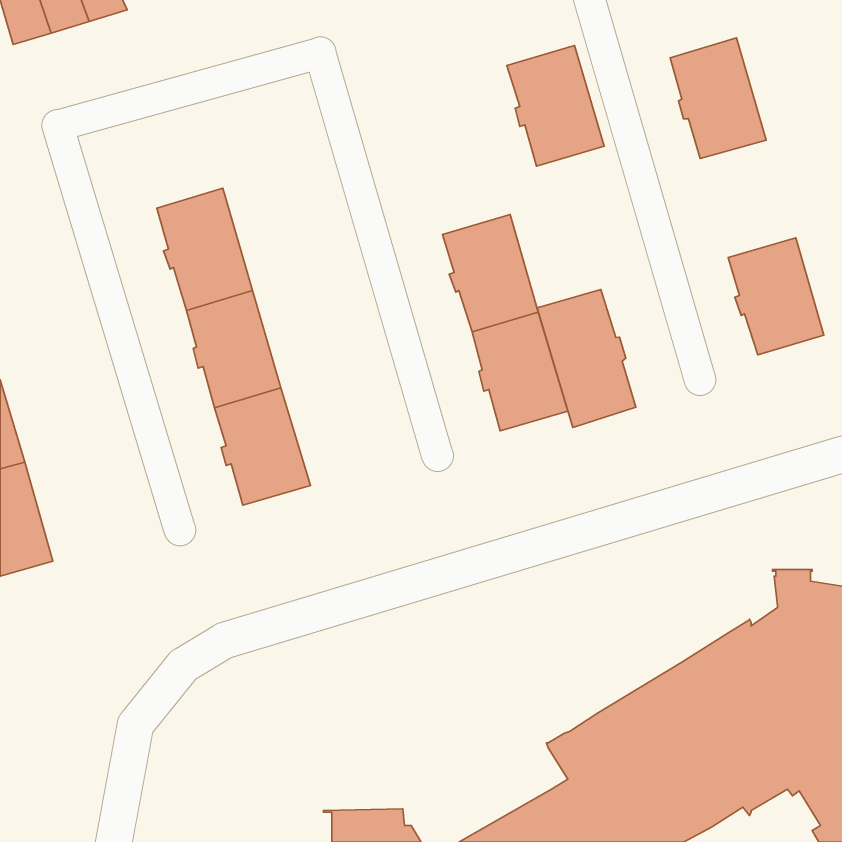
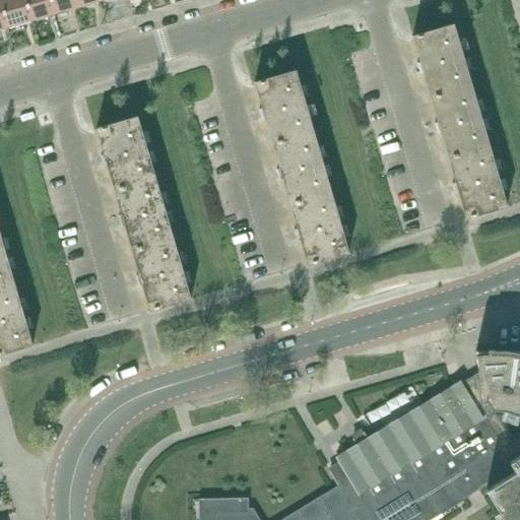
building: [507,46,604,166] -> [255,70,315,144]
building: none -> [432,86,491,158]
building: [537,290,636,427] -> none

